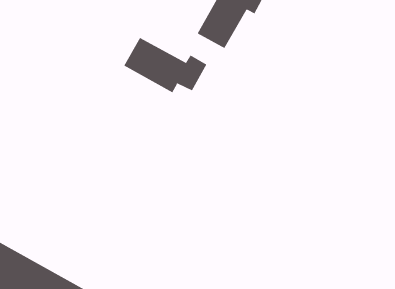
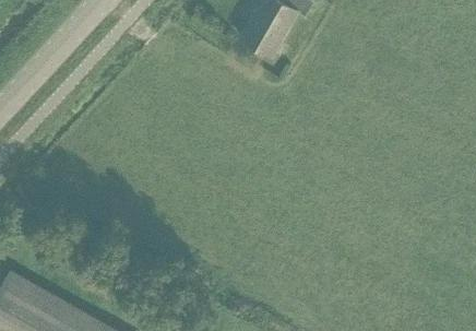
building: [124,37,207,93] -> none

